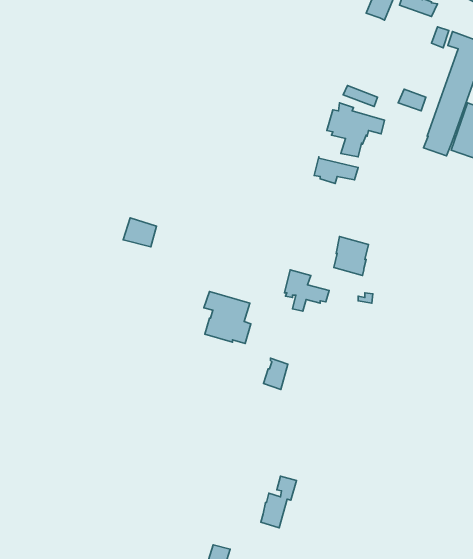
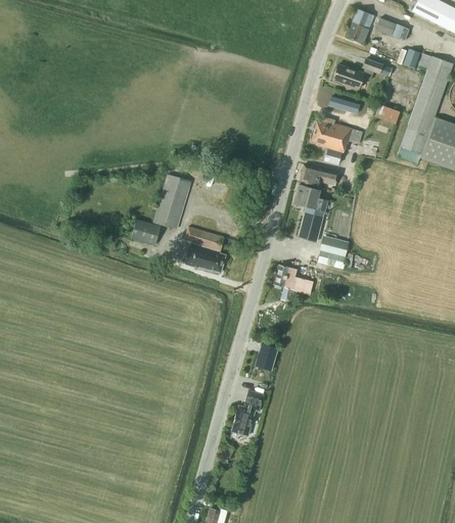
building: none -> [333,59,393,89]
building: none -> [153,175,192,229]
building: none -> [295,185,325,242]
building: [204,292,251,343] -> [184,227,226,273]
building: [261,476,296,528] -> [232,390,264,436]

